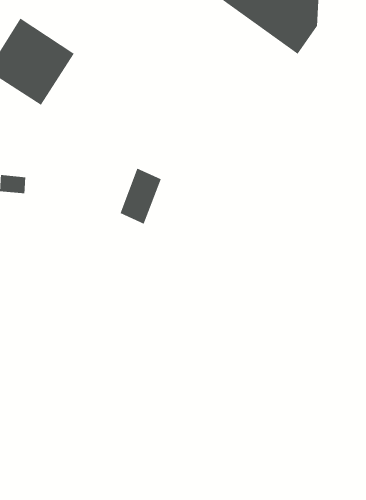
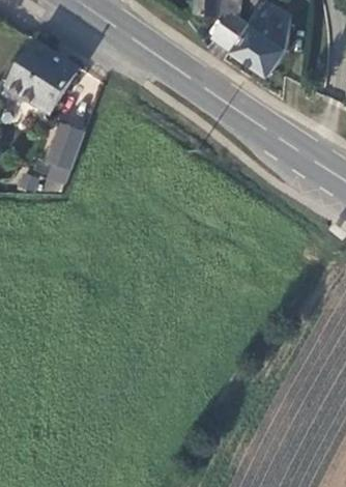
building: [119,168,162,225] -> [50,124,85,172]

